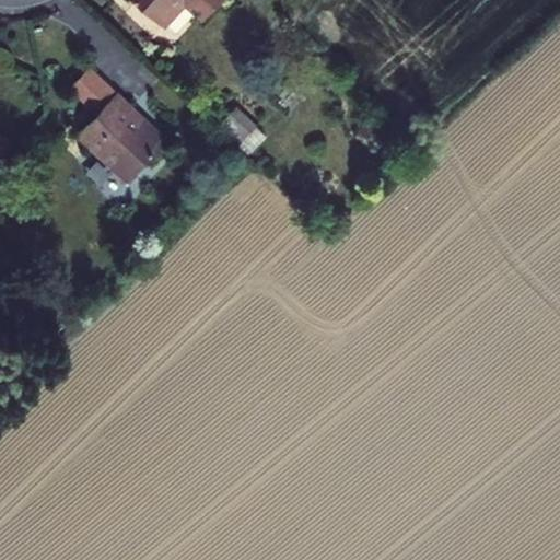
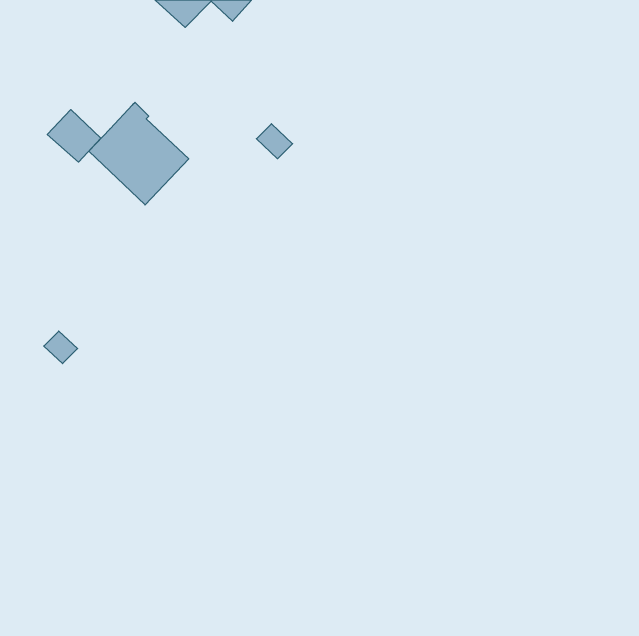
building: [69,69,116,115] -> [47,110,101,162]

